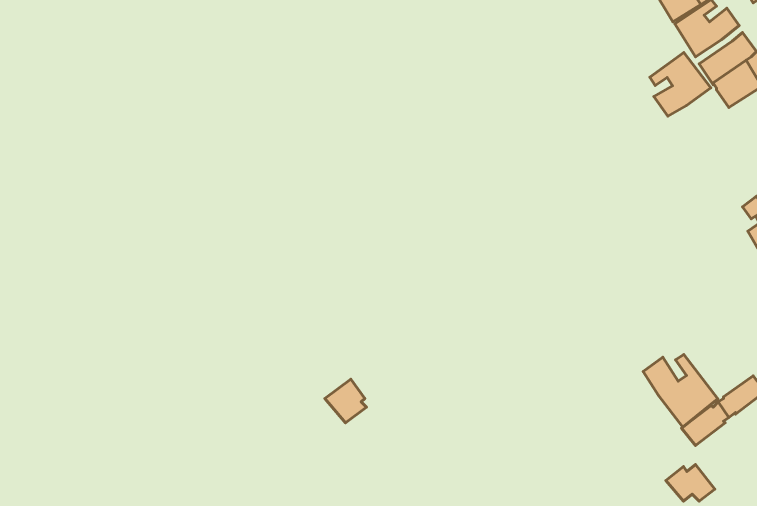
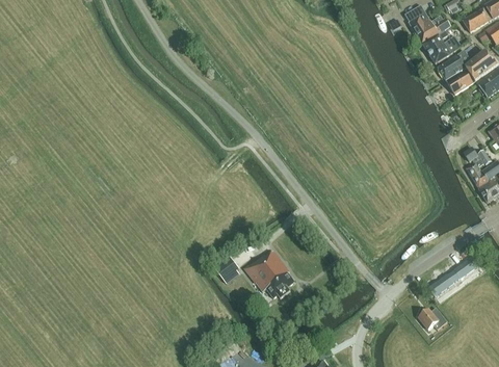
building: [650,52,711,116] -> none
building: [643,354,718,427] -> none
building: none -> [244,251,294,298]

